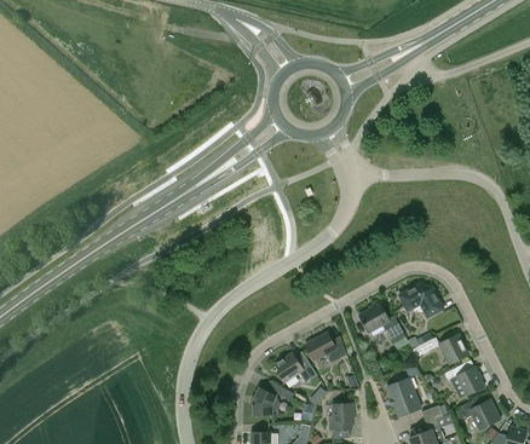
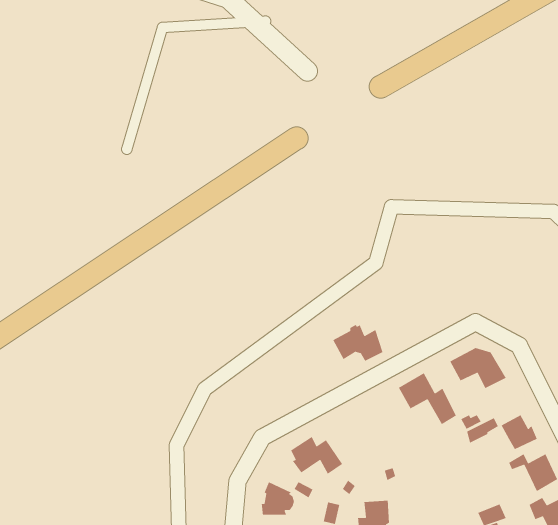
building: [305,333,345,362] -> [332,324,384,362]
building: [386,379,420,417] -> none

